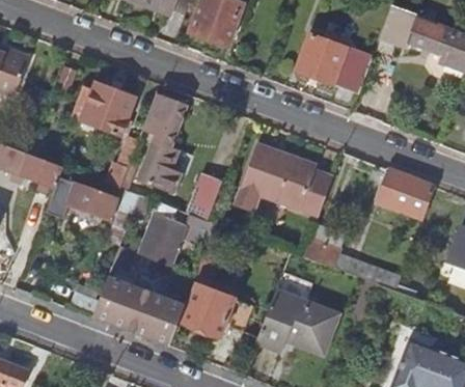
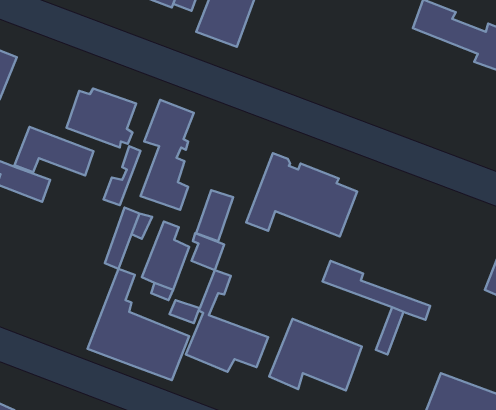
building: [295,34,373,93] -> none
building: [377,168,433,217] -> none
building: [44,176,114,220] -> [15,127,93,175]

